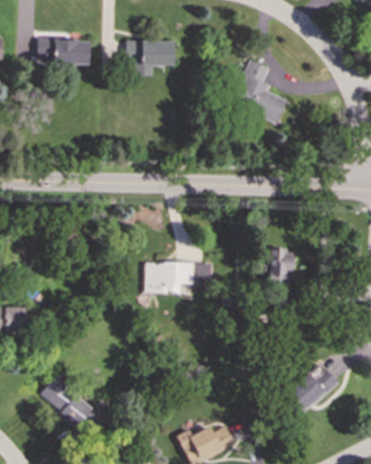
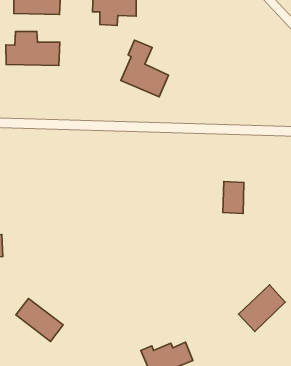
building: [235,60,287,122] -> [121,40,168,97]
building: none -> [6,31,60,65]
building: [144,261,212,293] -> none

